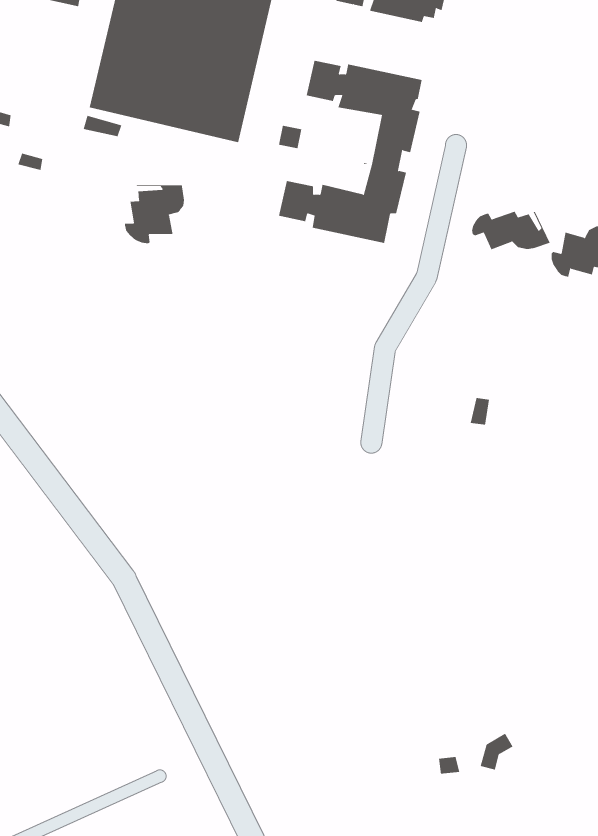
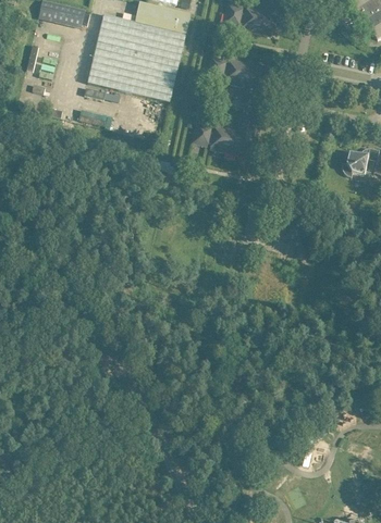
building: [124,185,185,244] -> none
building: [472,211,550,250] -> none

